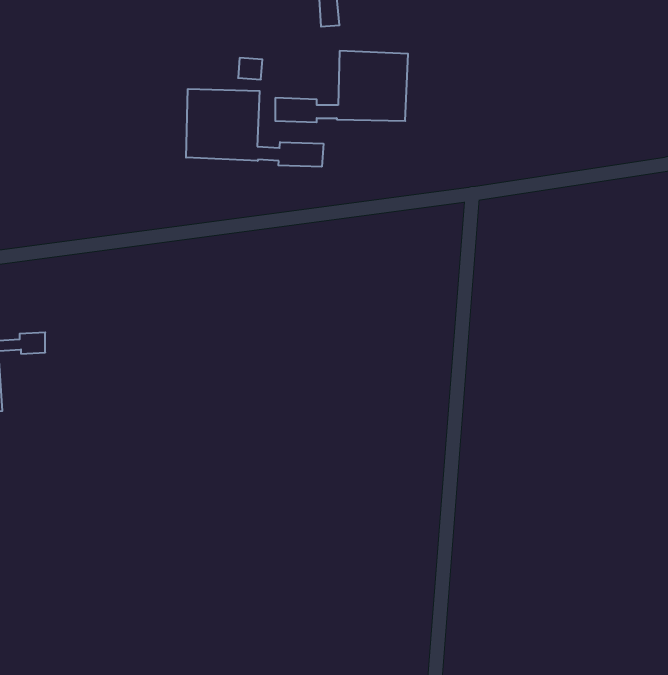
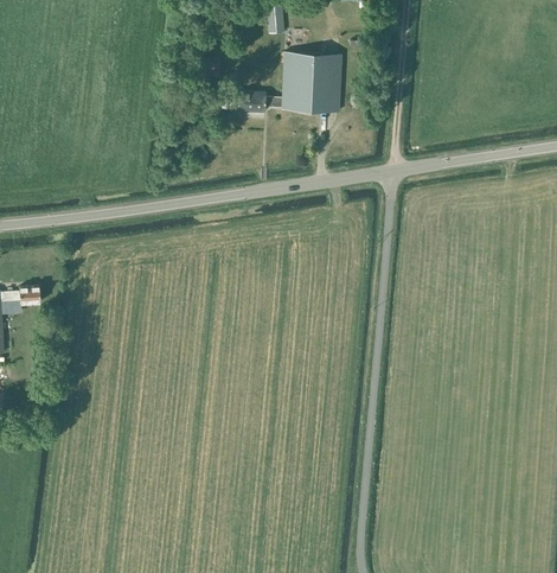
building: [186,89,323,167] -> none

